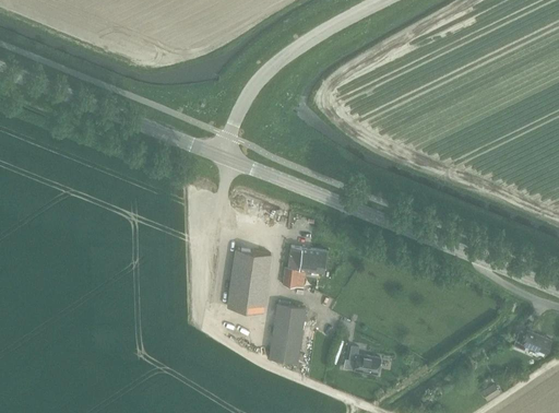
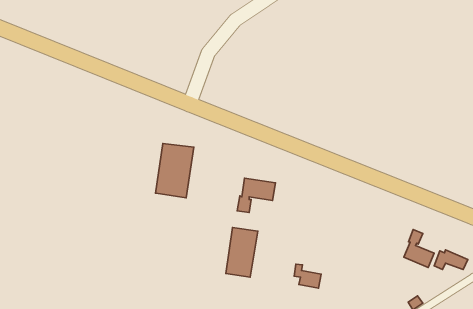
building: [226,250,271,314] -> [155,144,194,198]
building: none -> [404,230,434,268]

